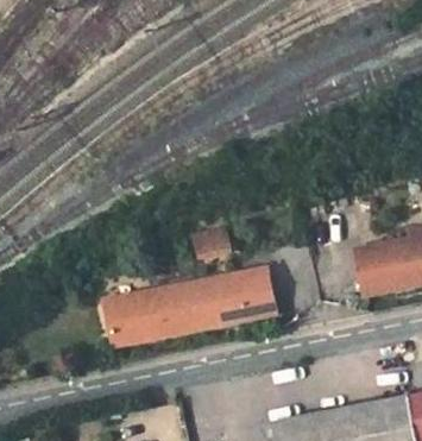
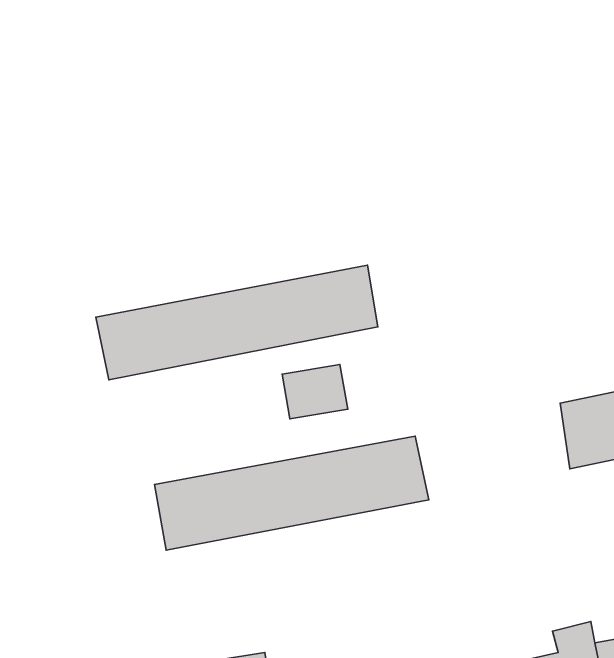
building: none -> [96,265,378,380]

